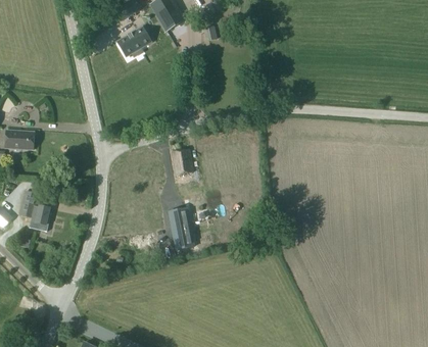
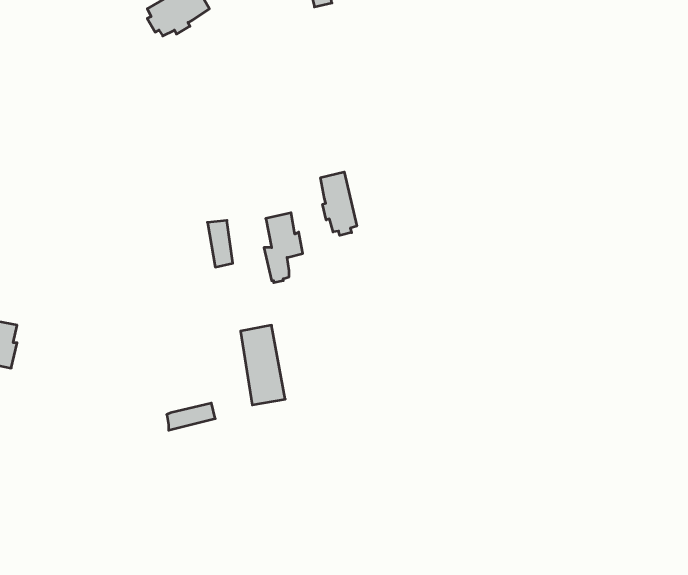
building: none -> [321,172,357,235]

